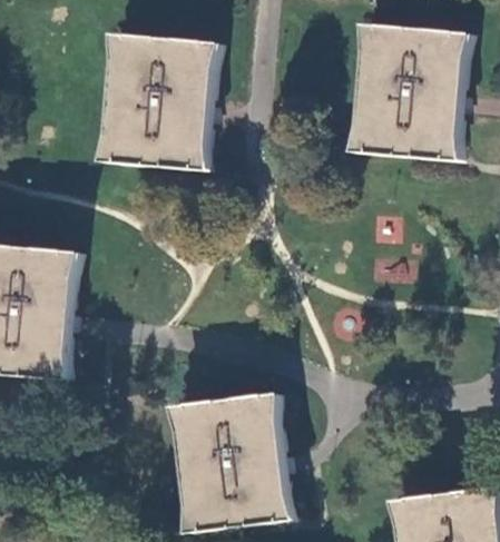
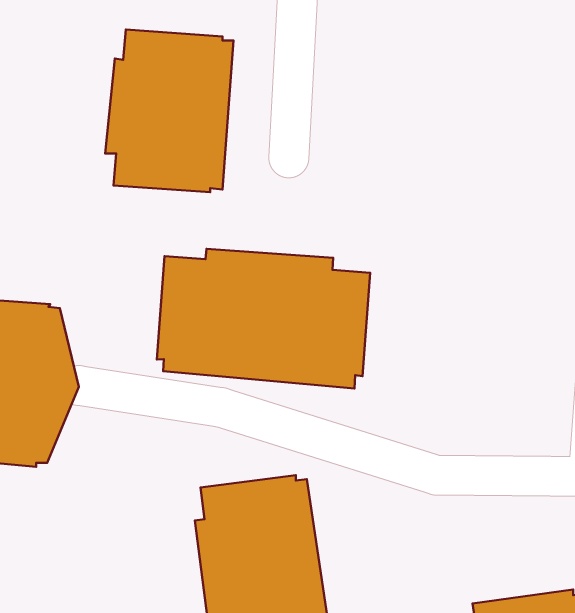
building: [354,24,461,159] -> none
building: none -> [157,249,370,388]

